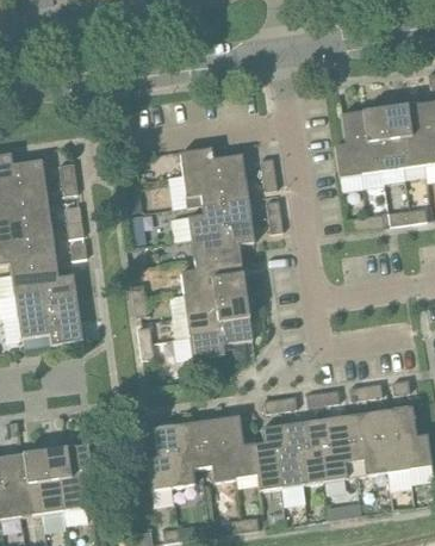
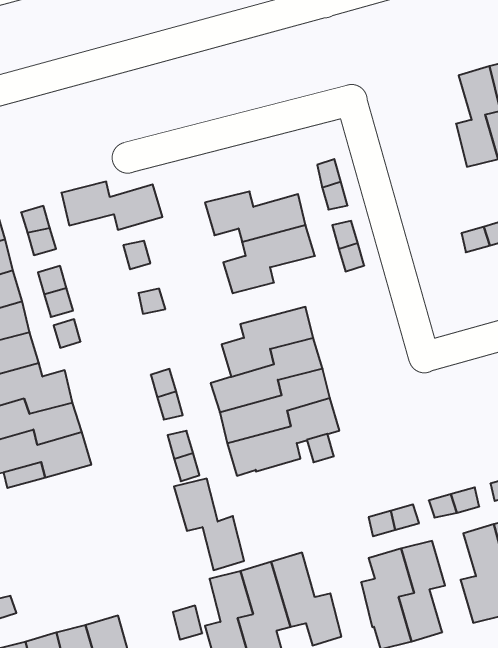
building: [335,111,368,176] -> none
building: [180,148,246,181] -> [61,182,162,230]
building: [193,219,254,259] -> none
building: [217,415,257,477] -> [174,479,244,570]
building: [299,418,331,483] -> none

